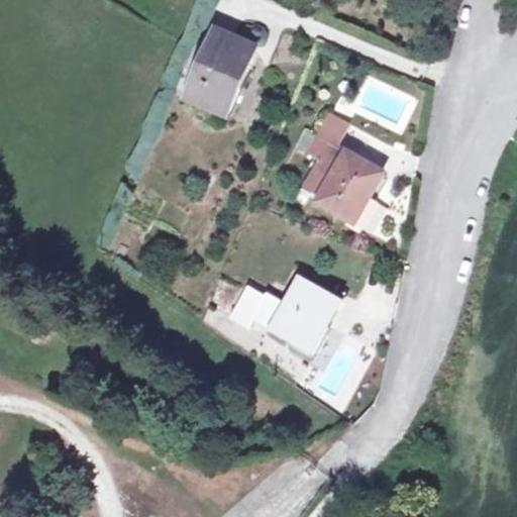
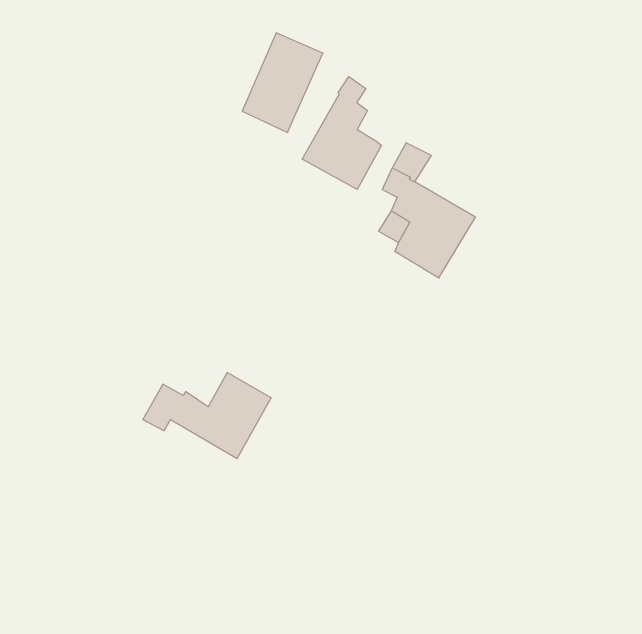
building: none -> [302,76,382,189]
building: [230,277,333,345] -> [143,373,271,459]

